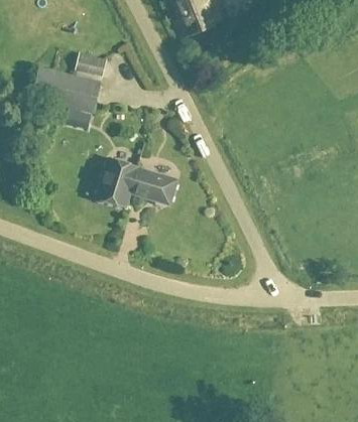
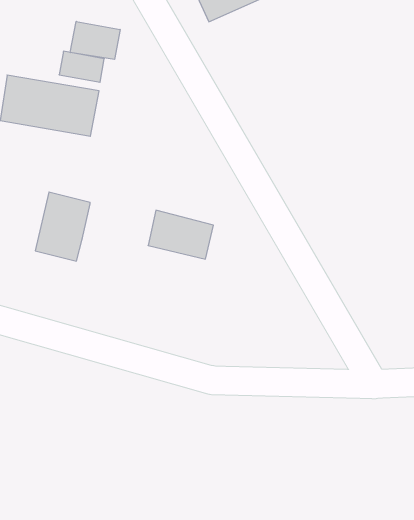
building: none -> [70,21,120,59]
building: [97,157,137,206] -> [35,192,90,261]

